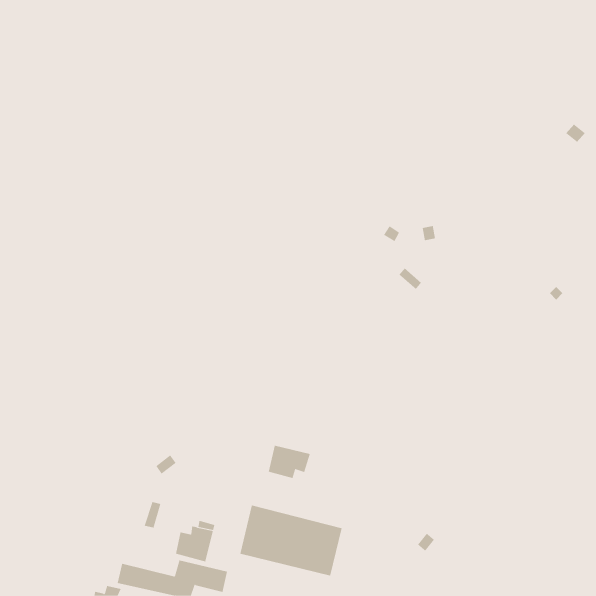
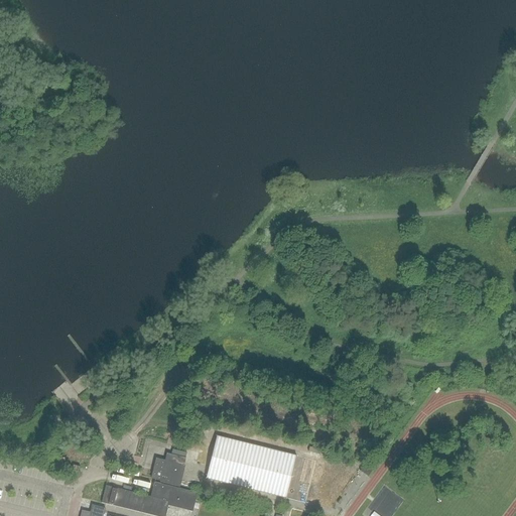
building: [268,445,310,479] -> none

